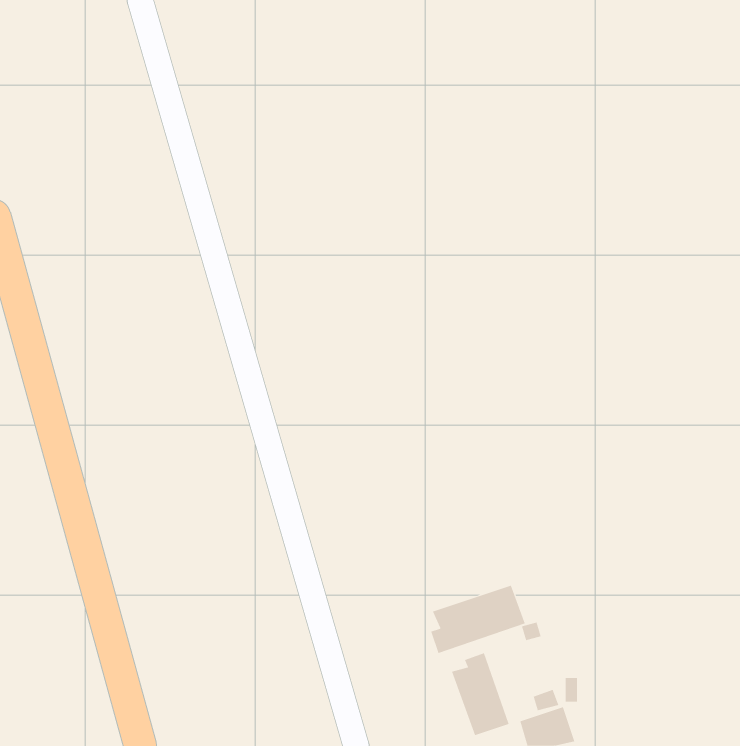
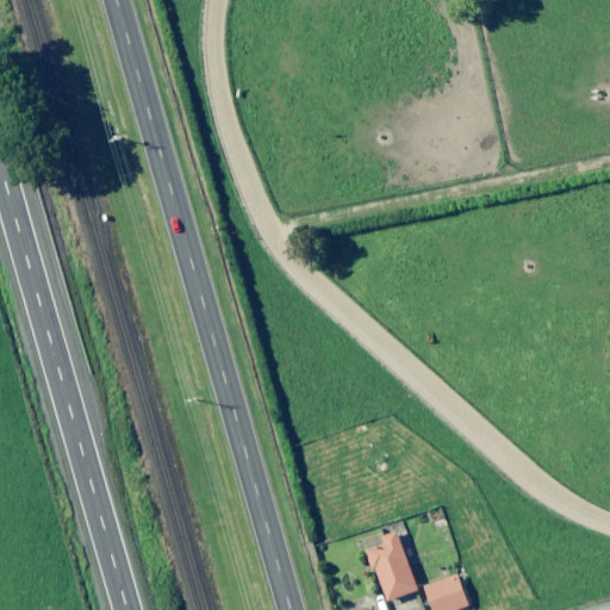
building: [430,585,525,654] -> none

